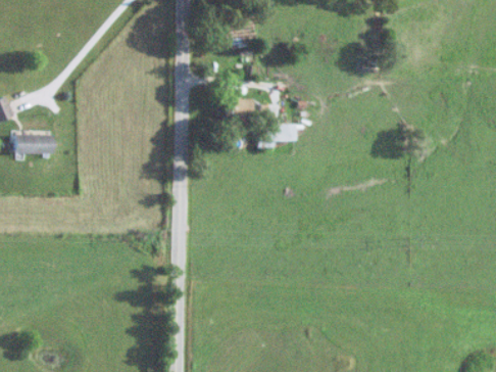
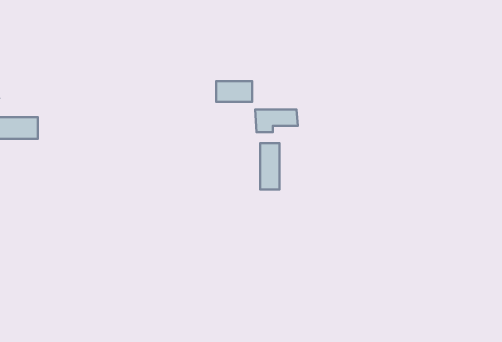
building: none -> [260,143,280,190]

